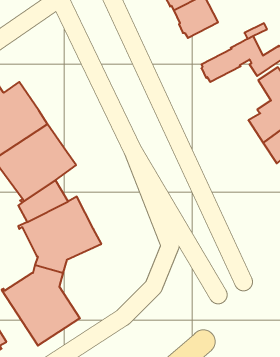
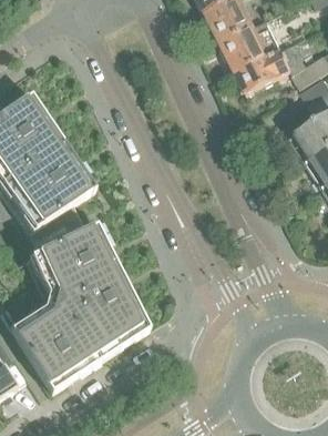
building: none -> [222,20,281,74]
building: none -> [76,277,150,362]

